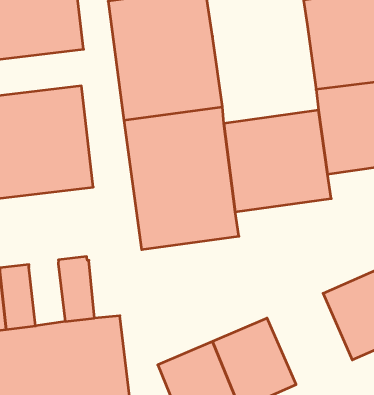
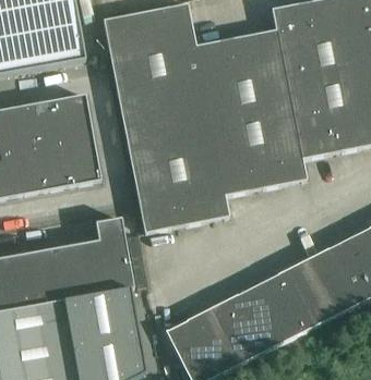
building: none -> [196,29,291,119]
building: none -> [96,217,135,292]
building: none -> [50,244,84,302]
building: none -> [258,259,333,339]

